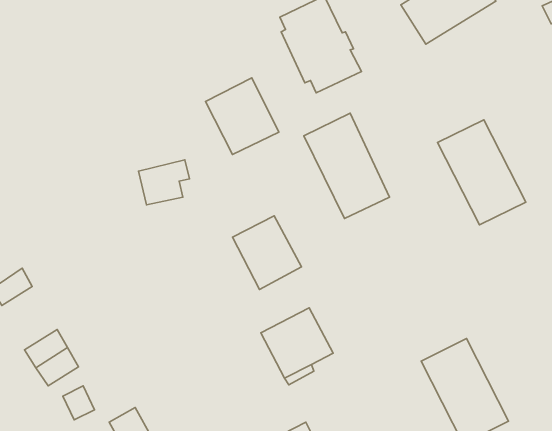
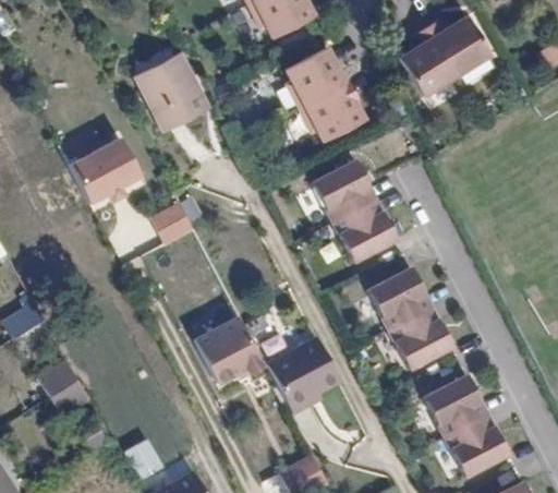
building: [205,78,279,155] -> [137,52,208,127]
building: none -> [70,139,141,206]
building: [438,120,526,225] -> [366,265,451,366]
building: [232,216,301,289] -> [194,320,260,390]

